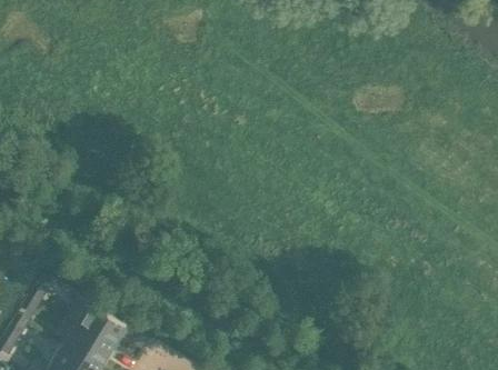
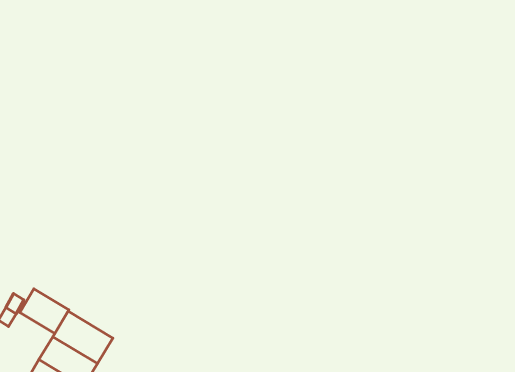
building: none -> [20,289,69,334]

